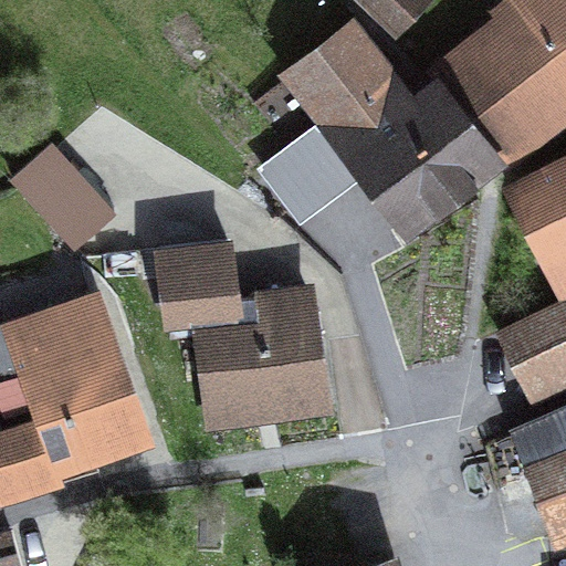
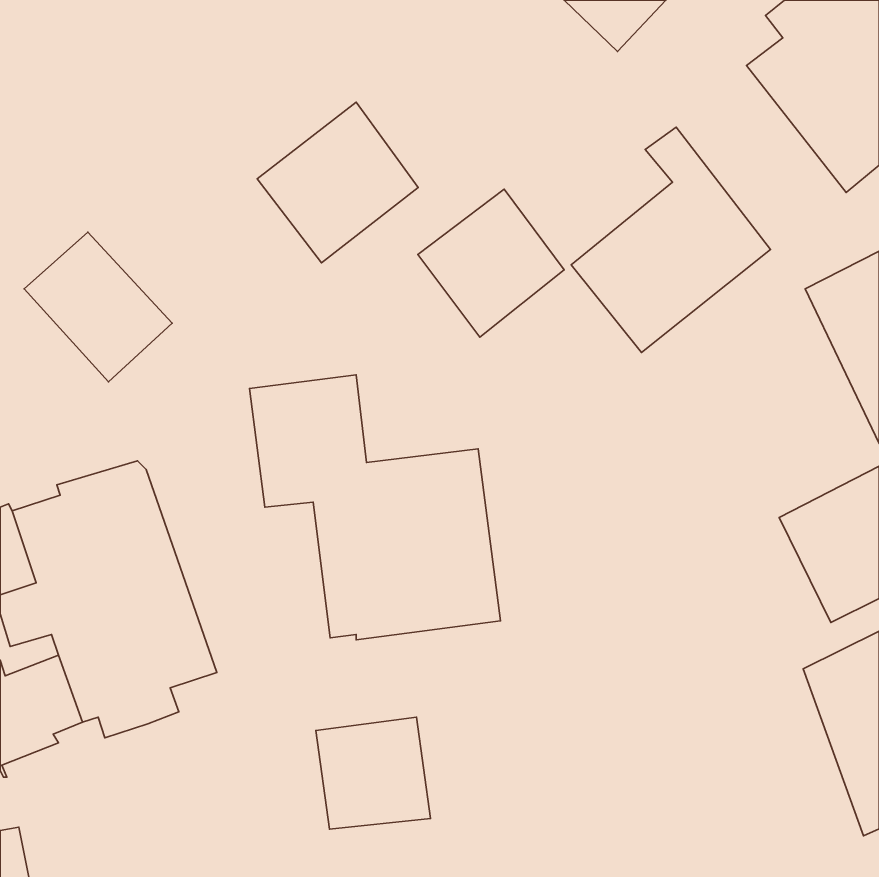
building: [289,27,432,175] -> none
building: [432,39,544,161] -> none
building: none -> [257,102,418,263]
building: none -> [316,717,430,829]

